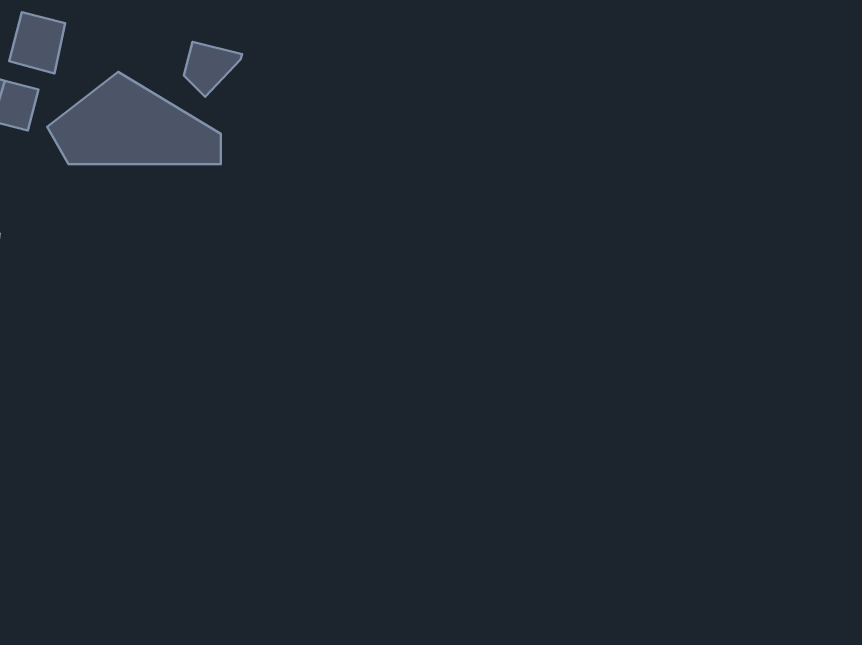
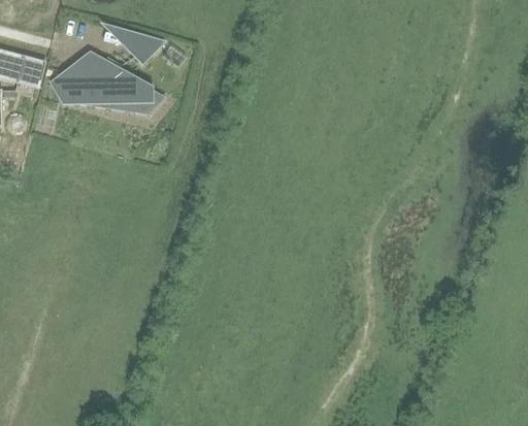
building: [9,12,65,73] -> none

